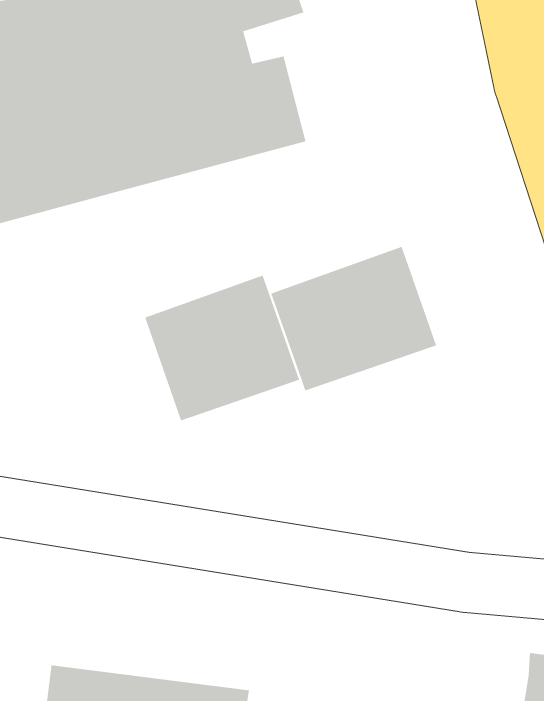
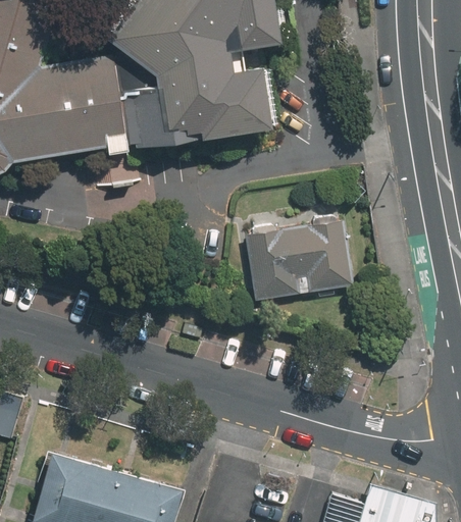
building: [144,275,300,421] -> none

